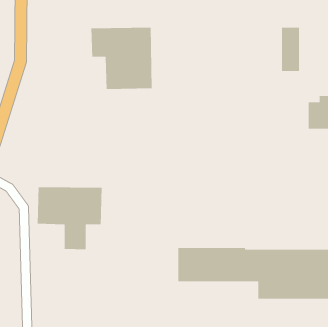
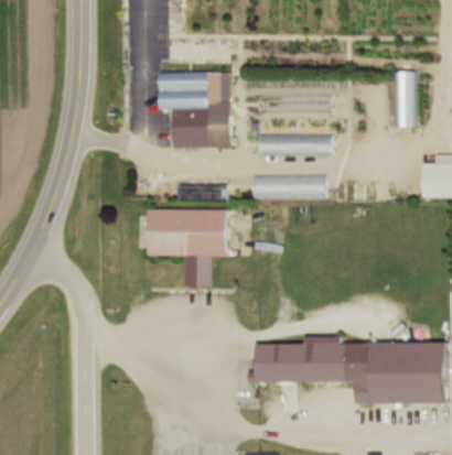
building: none -> [256,133,329,154]
building: none -> [249,174,324,196]
building: [37,186,103,250] -> [149,208,229,286]

